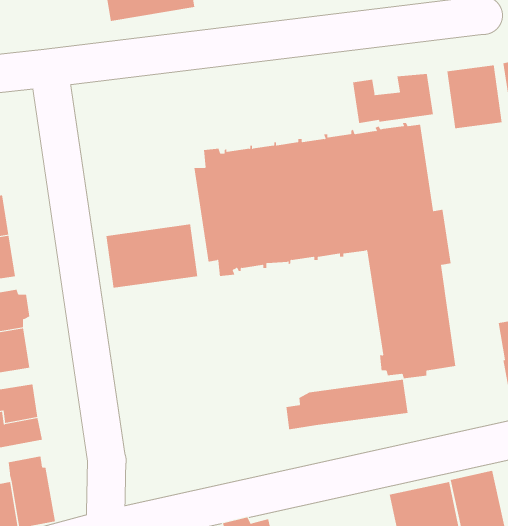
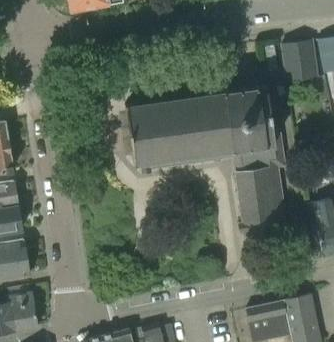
building: [353,73,434,124] -> none
building: [106,224,198,289] -> none
building: [286,379,408,430] -> none

